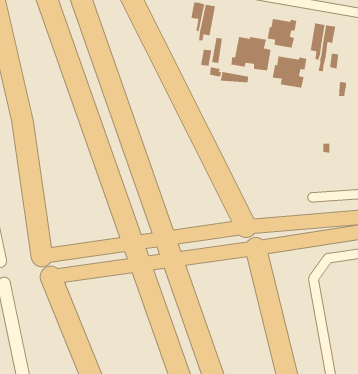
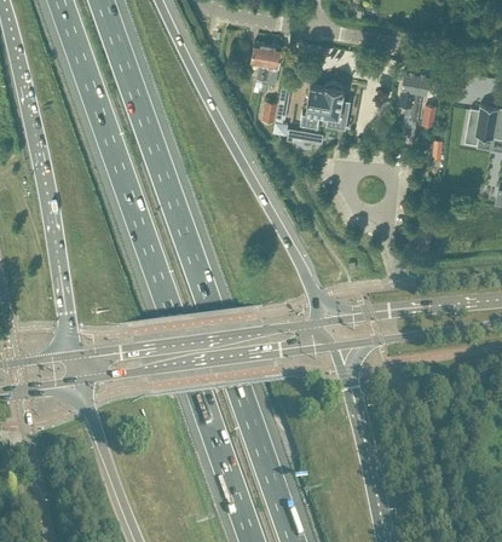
building: [267,18,298,48] -> none
building: [272,56,308,89] -> none

